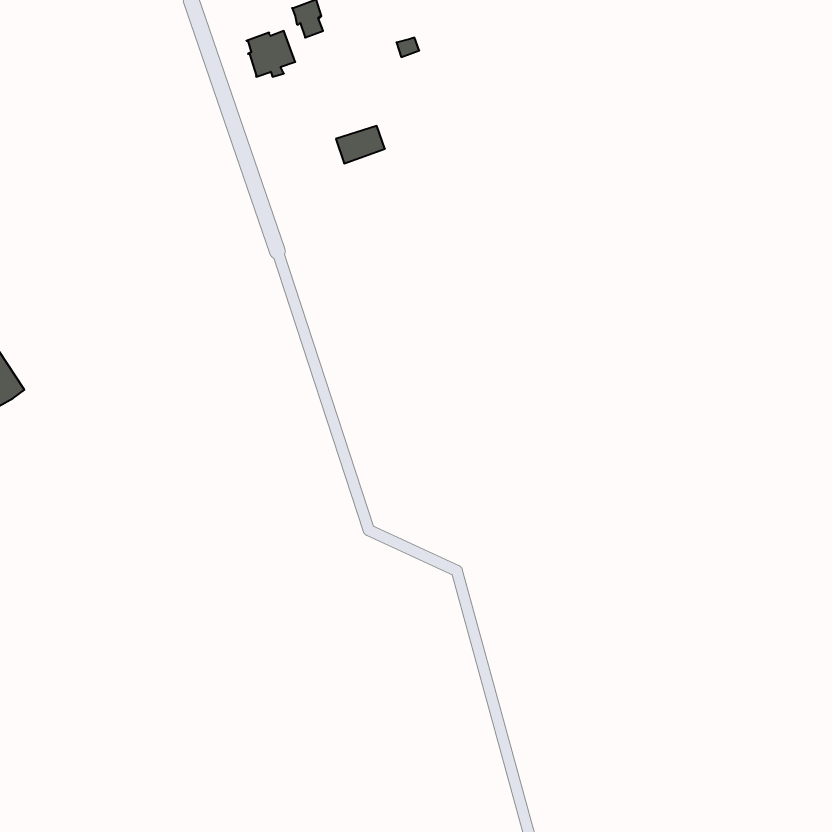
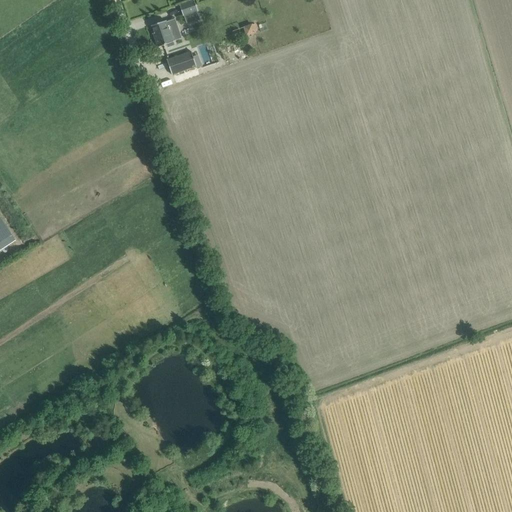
building: [336,126,385,163] -> [166,51,196,74]

